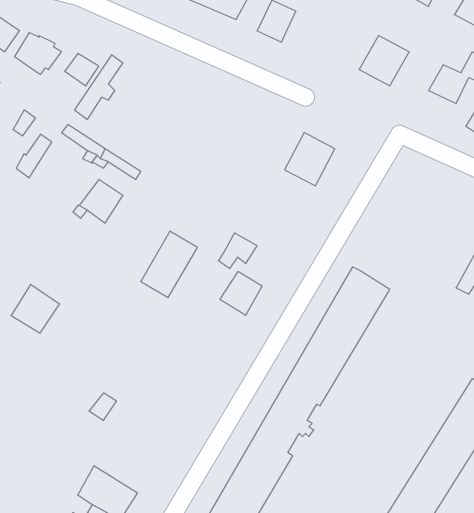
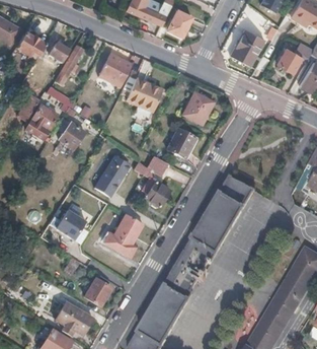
building: none -> [93,51,133,95]
building: none -> [127,77,163,110]
building: none -> [25,102,59,137]
building: none -> [165,126,200,159]
building: [11,285,60,333] -> [58,206,88,236]
building: none -> [106,212,146,257]
building: none -> [85,278,112,304]

